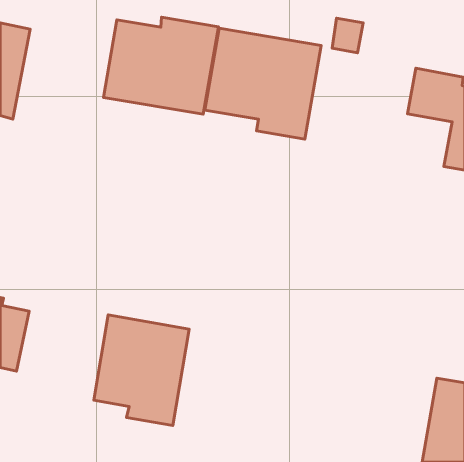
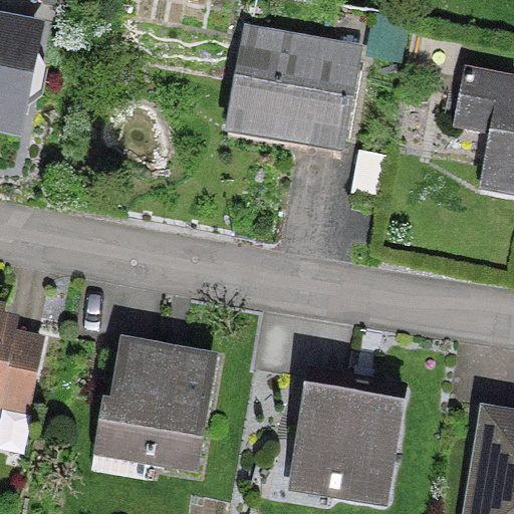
building: [103,17,219,114] -> none
building: none -> [291,378,401,504]

